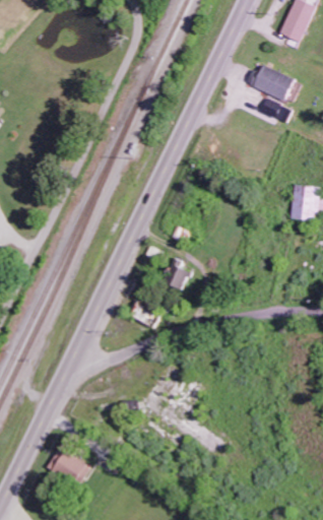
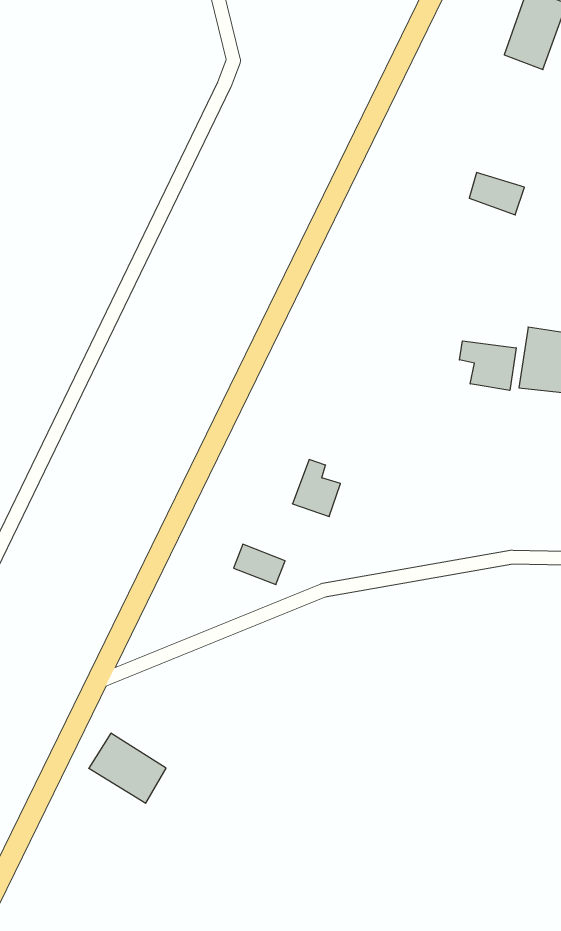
building: [251,64,296,101] -> none
building: none -> [459,341,516,390]
building: [48,447,90,485] -> [89,733,166,803]

